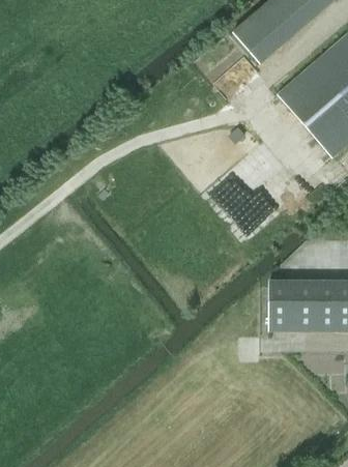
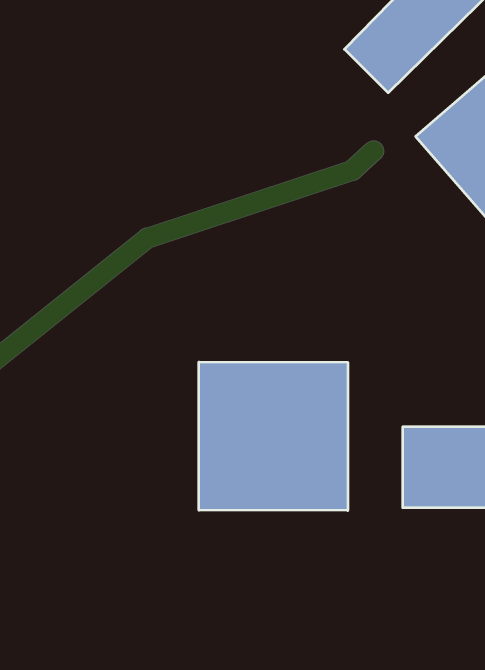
building: none -> [199,362,348,511]

